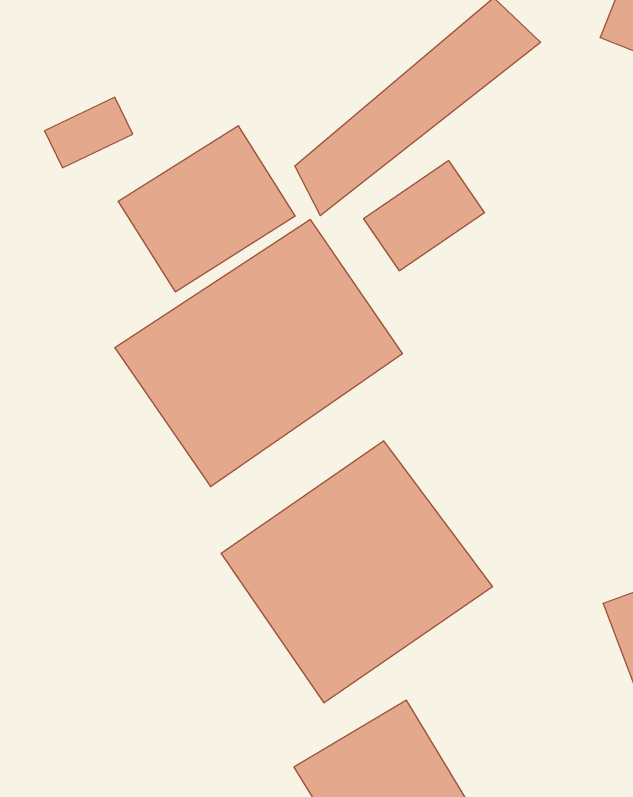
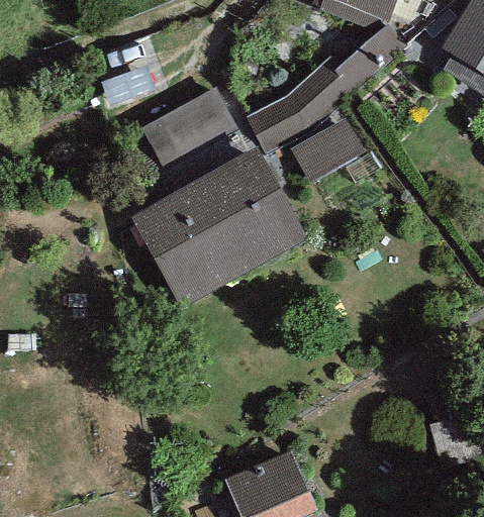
building: [221,441,492,703] -> none

